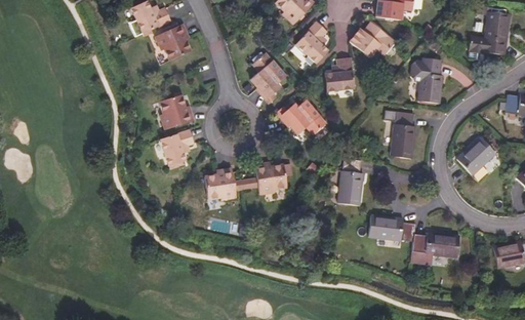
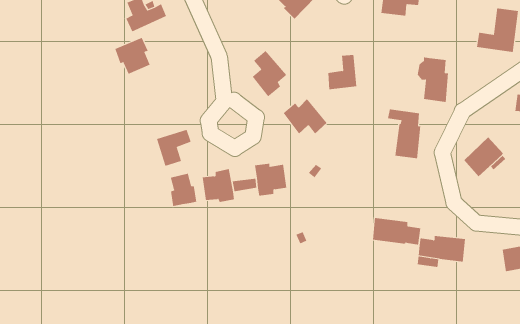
building: [296,22,328,64] -> none
building: [350,23,396,57] -> none
building: [156,25,191,61] -> [114,37,151,74]
building: [159,94,194,129] -> none
building: [336,159,363,206] -> none
building: none -> [170,173,197,207]

